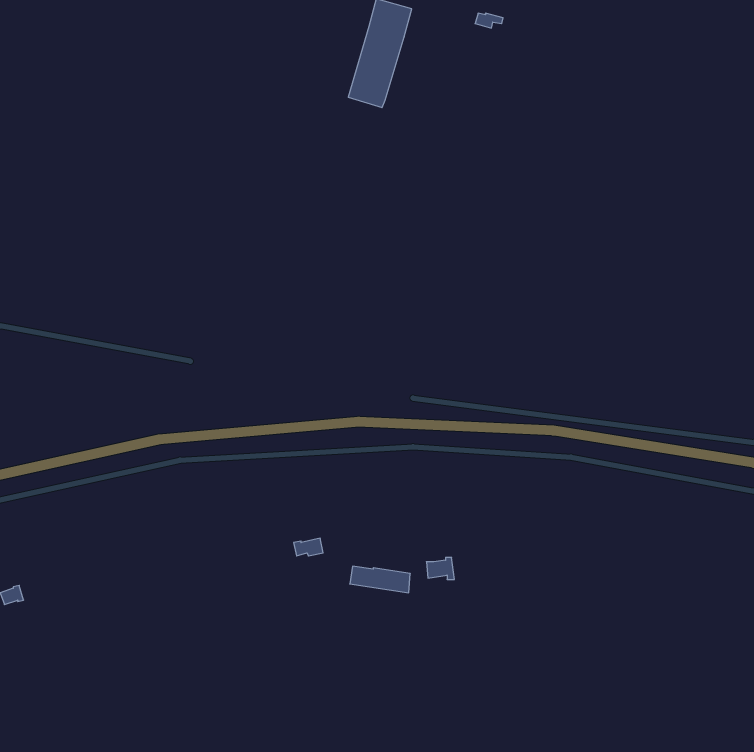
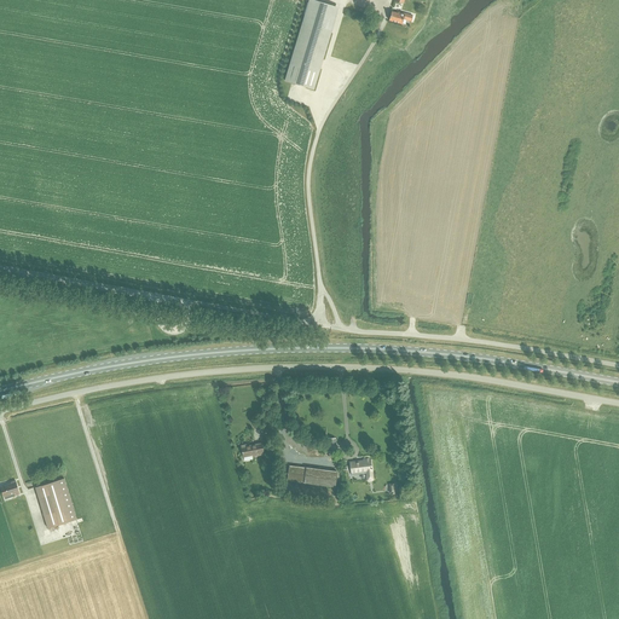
building: none -> [35,478,76,527]

